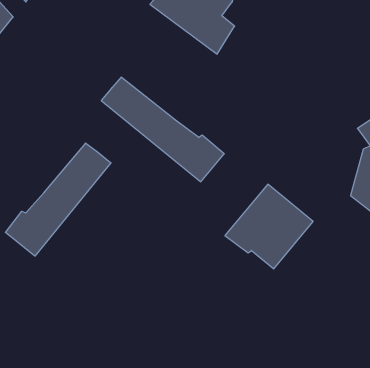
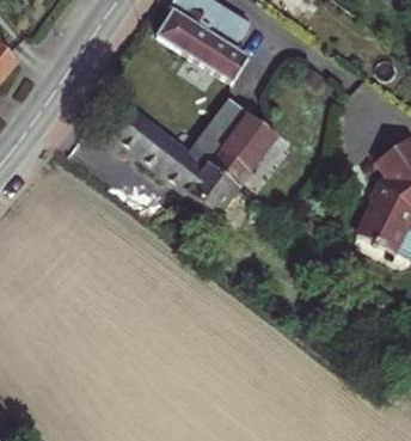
building: [5,143,111,256] -> none
building: [225,184,313,269] -> [184,99,275,186]

